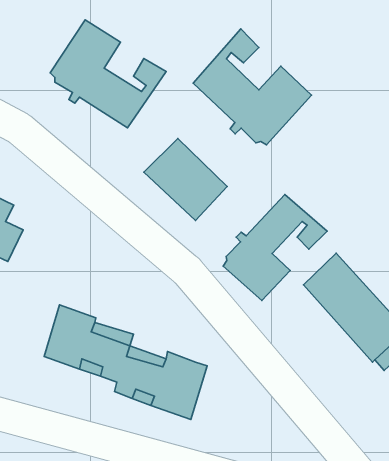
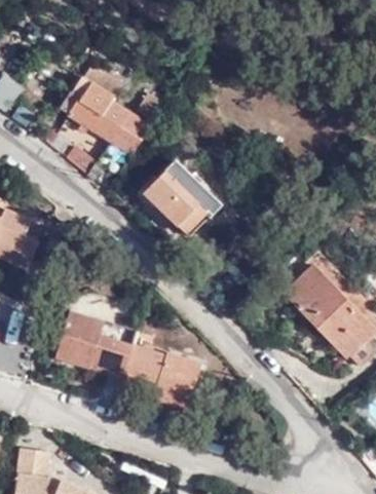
building: [193,29,311,145] -> none
building: [223,195,327,301] -> none

